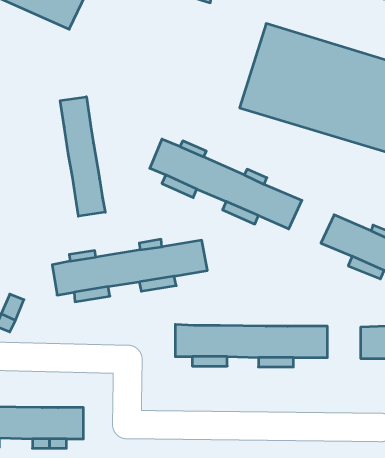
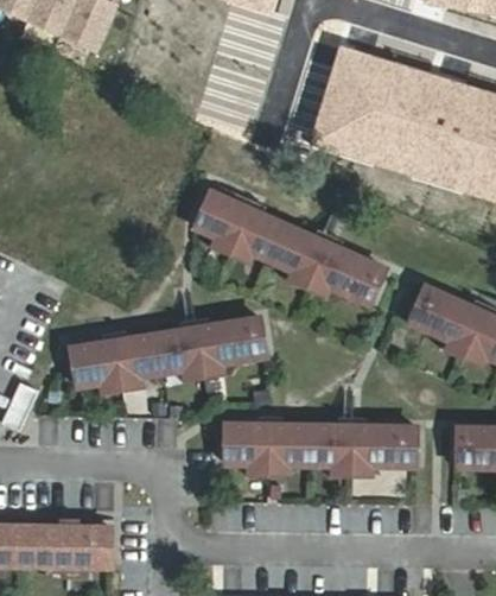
building: [60,97,105,216] -> none

